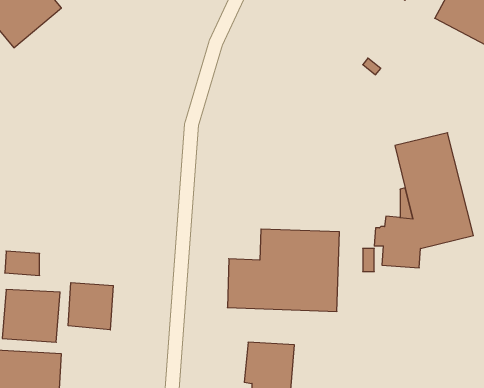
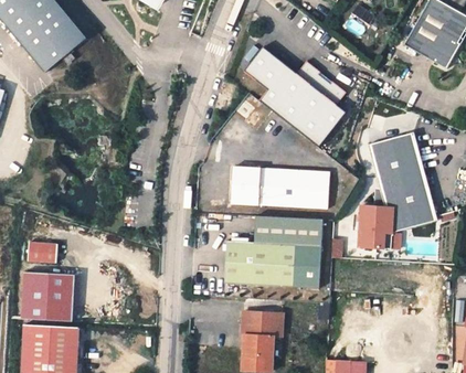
building: none -> [235,50,339,148]
building: none -> [230,172,327,211]
building: [68,283,113,330] -> none

